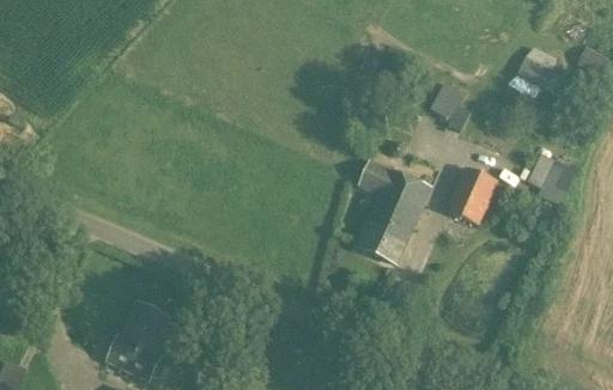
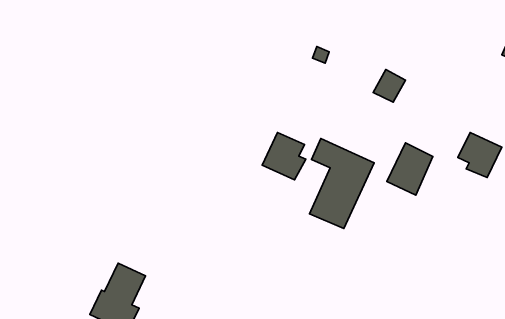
building: [517,53,554,87] -> none
building: none -> [262,133,306,180]

